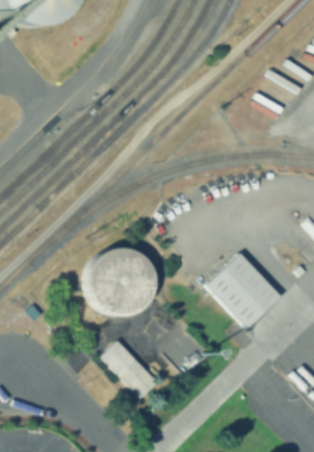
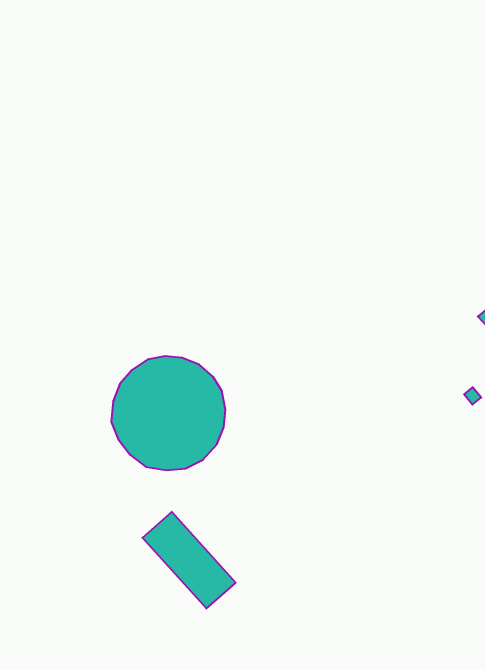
building: [207,251,283,328] -> none

